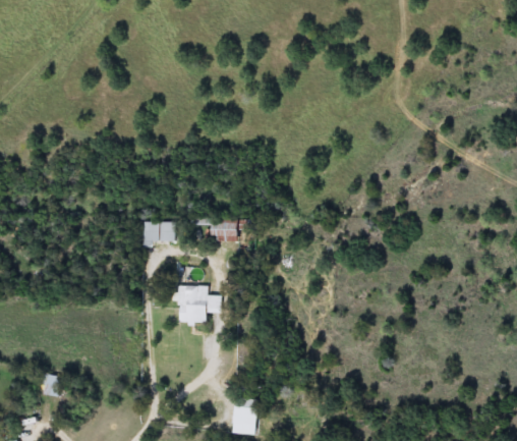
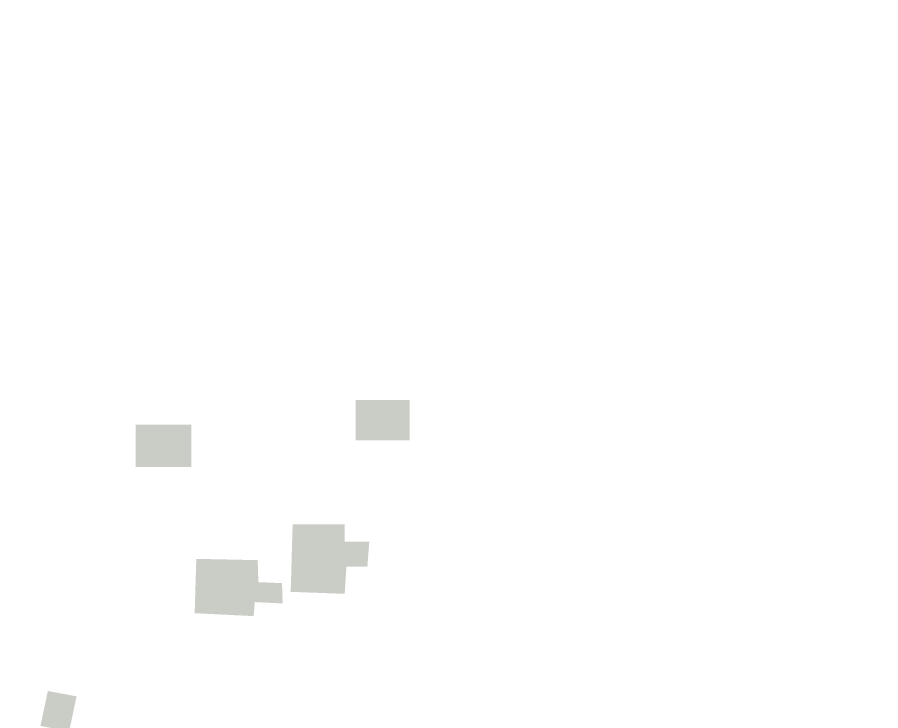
building: [142,222,173,245] -> [135,424,192,468]
building: none -> [194,558,284,617]

